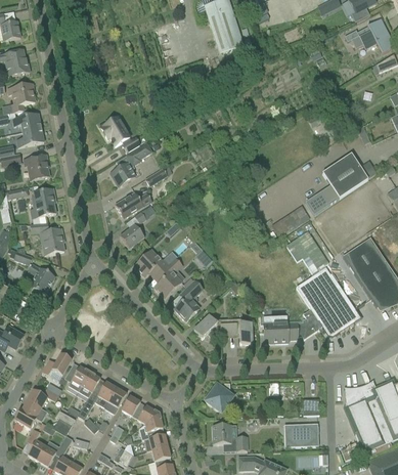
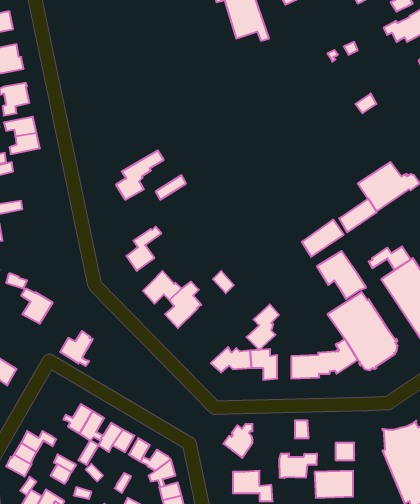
building: [99,116,140,150] -> none
building: [24,154,49,179] -> none
building: [30,187,56,217] -> none
building: [115,191,151,217] -> none
building: [31,222,64,254] -> none
building: none -> [369,246,411,270]
building: [174,279,203,319] -> [246,304,279,350]
building: [42,352,71,383] -> [60,331,93,366]
building: none -> [280,453,317,478]

